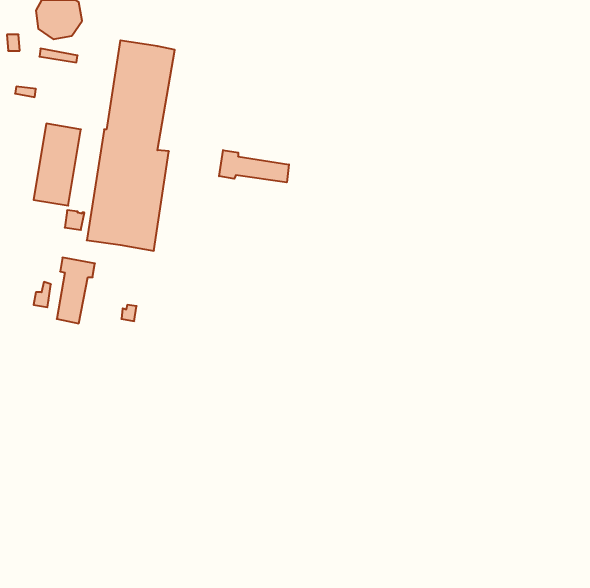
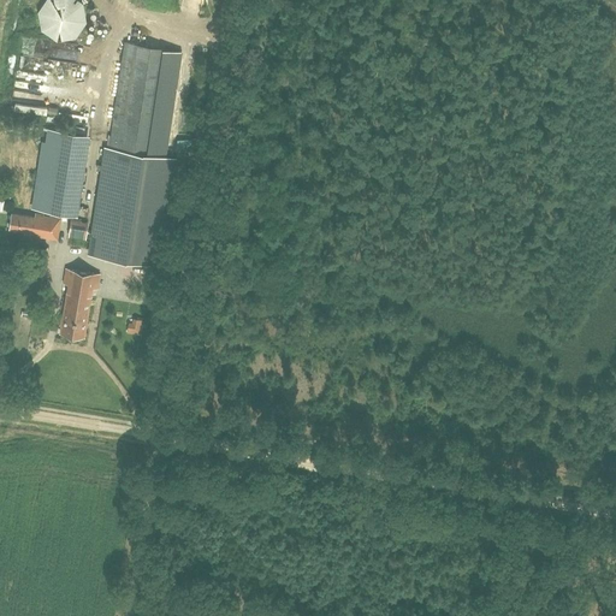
building: [219,150,289,182] -> none
building: none -> [8,215,60,242]

